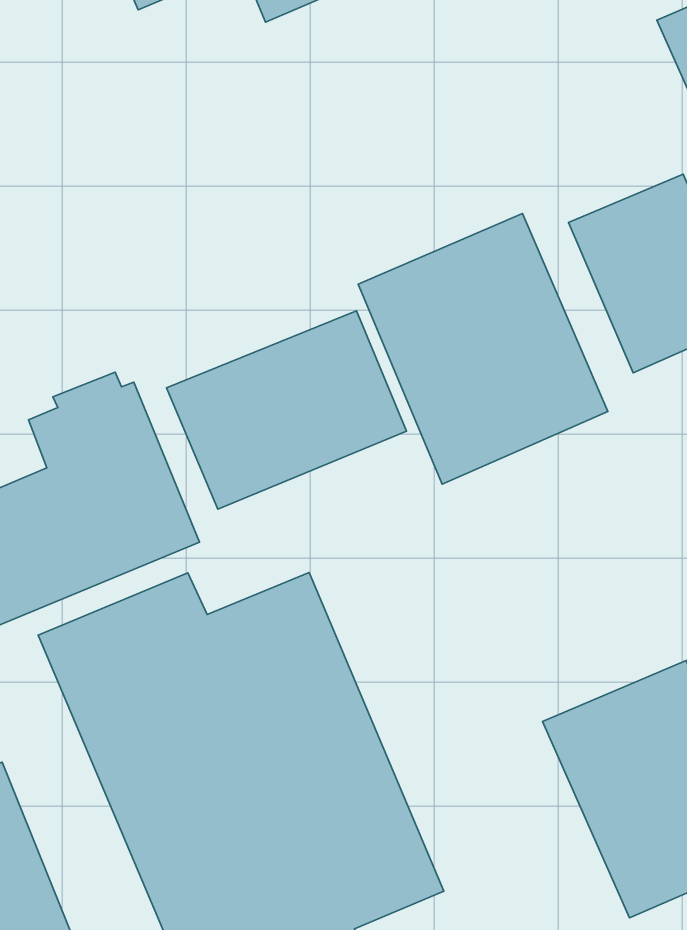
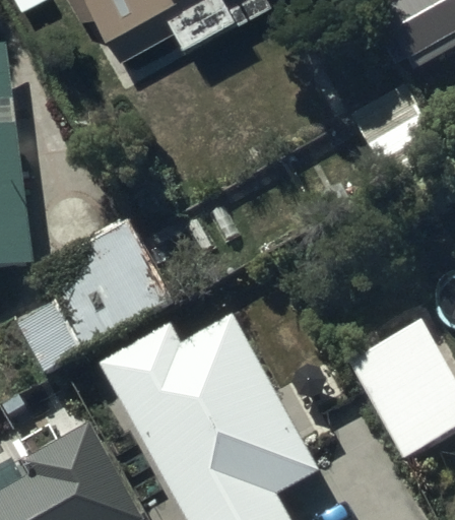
building: [358,213,608,484] -> none
building: [166,311,406,509] -> none

